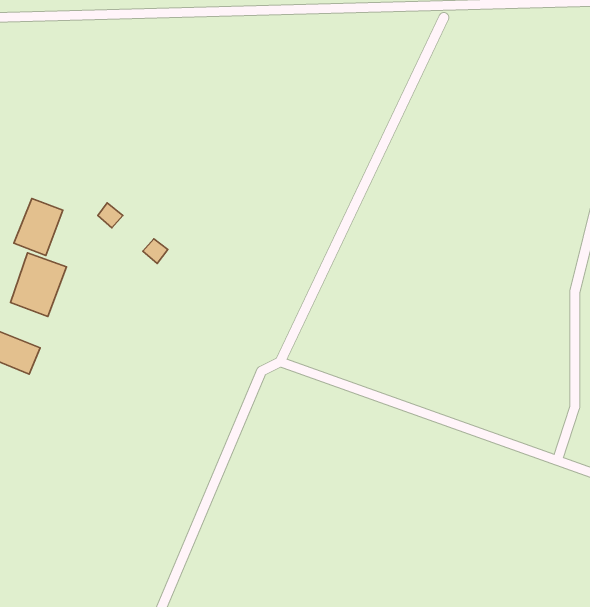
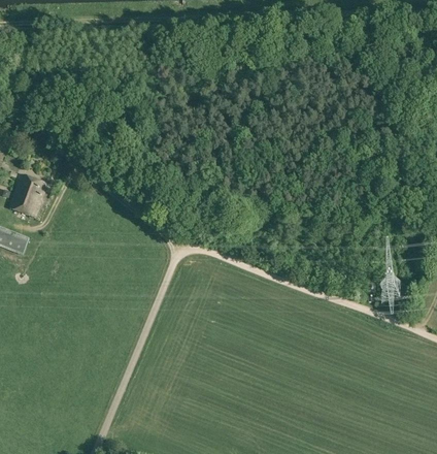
building: [14,199,63,256] -> none

